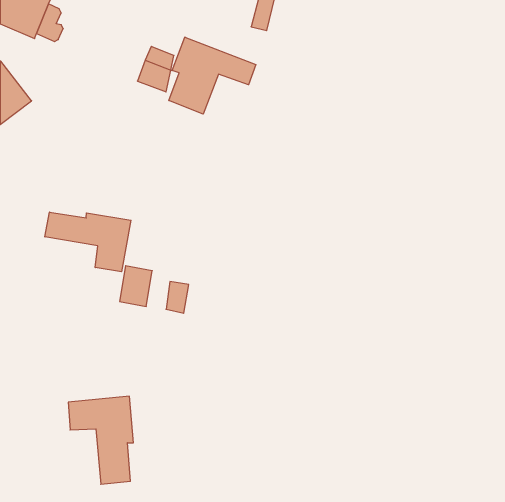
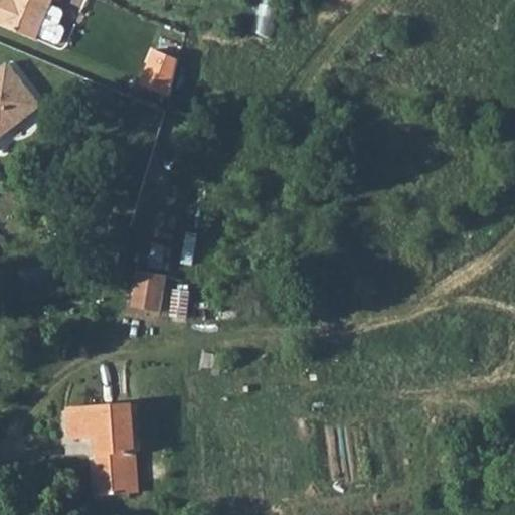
building: [169,37,256,114] -> none
building: [45,212,131,272] -> none

